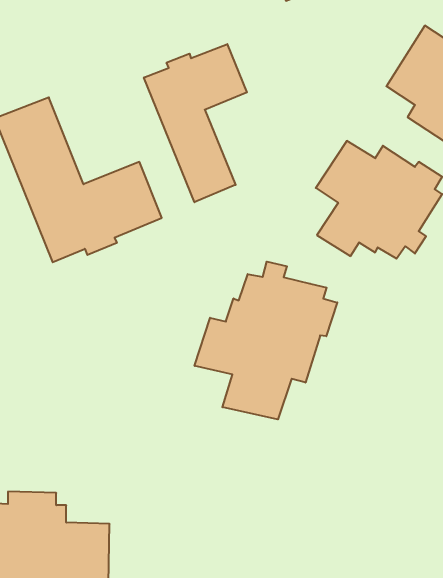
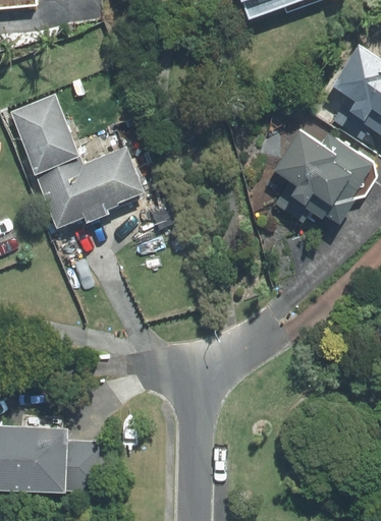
building: [144,44,247,202] -> none
building: [195,262,337,419] -> none

